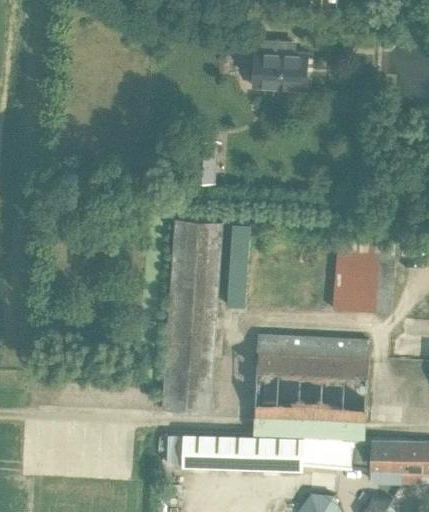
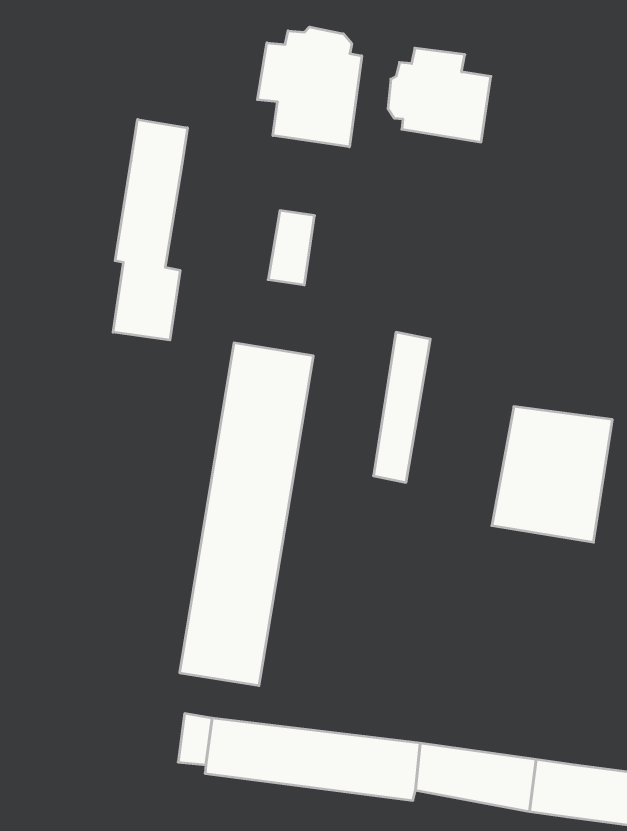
building: none -> [257,27,362,147]
building: none -> [113,119,187,340]
building: [226,223,251,308] -> [373,332,430,482]
building: [254,336,367,425] -> none

